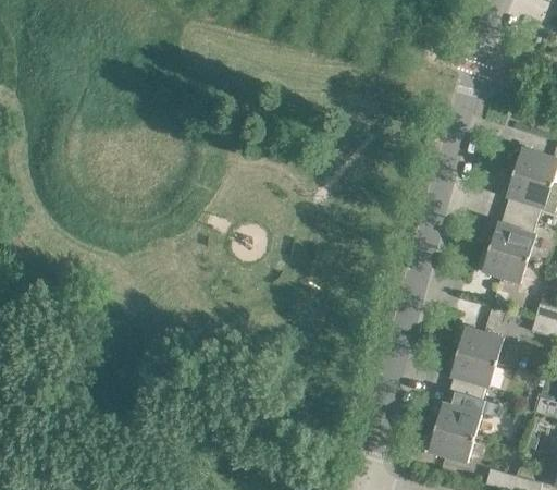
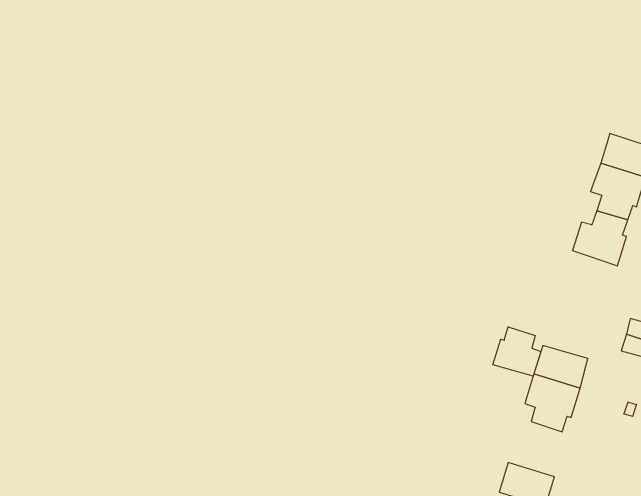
building: [481,245,528,282] -> none
building: none -> [493,327,541,376]
building: [435,390,481,437] -> none

